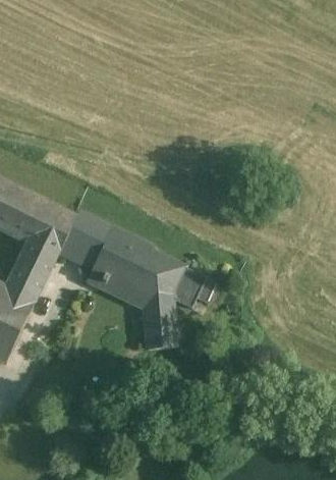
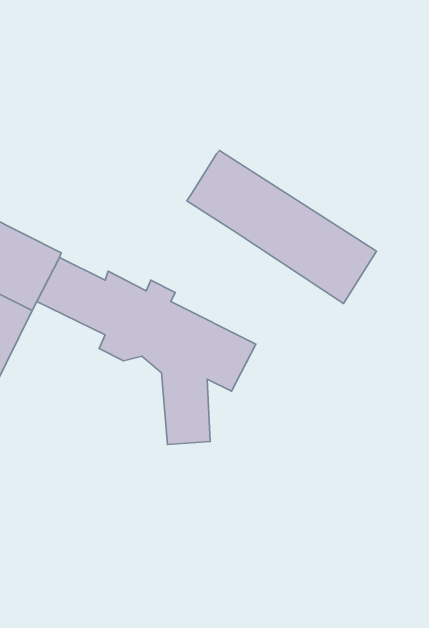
building: none -> [187,151,377,303]

